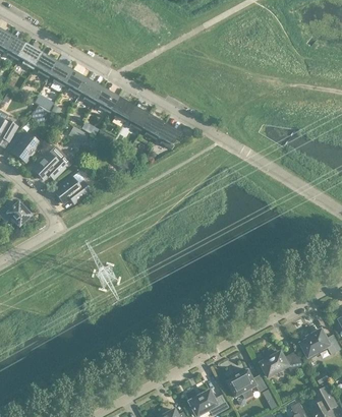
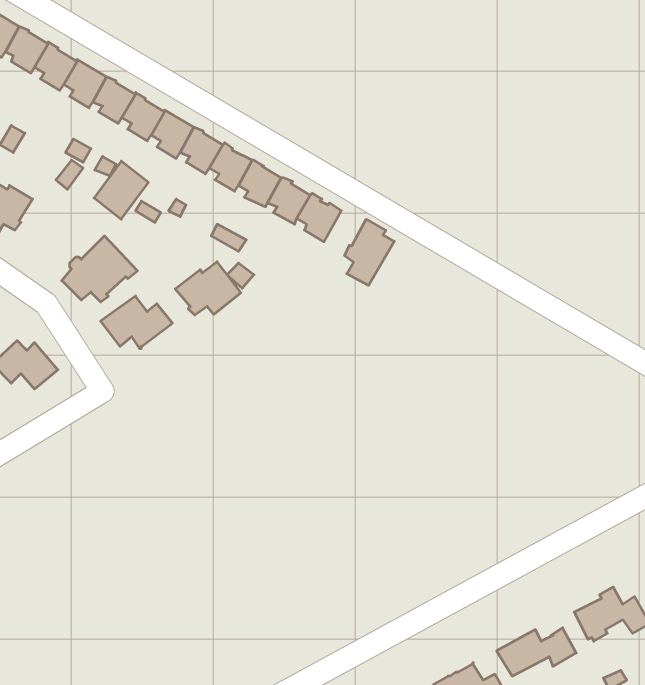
building: [12,131,41,162] -> [94,161,148,219]
building: none -> [345,219,394,285]
building: none -> [175,262,241,315]

